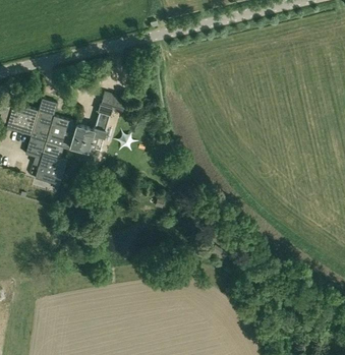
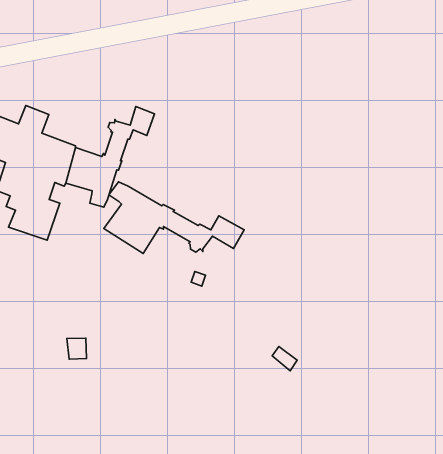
building: none -> [104,182,244,253]

